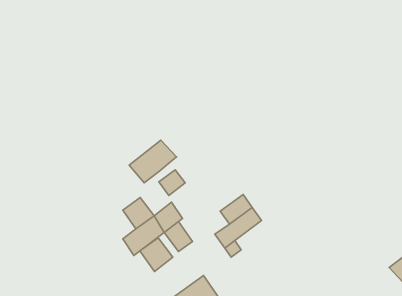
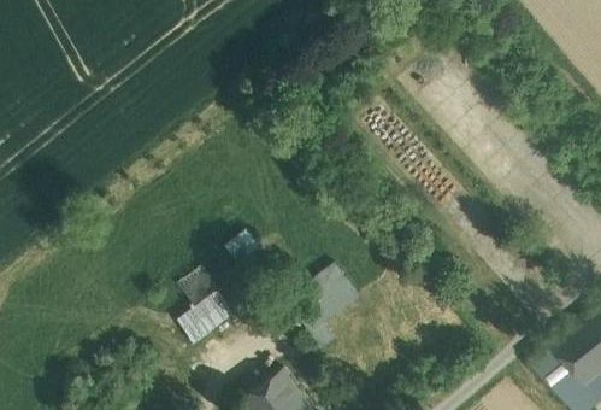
building: [129,140,176,183] -> none
building: [164,222,193,251] -> none
building: [140,238,173,271] -> none

